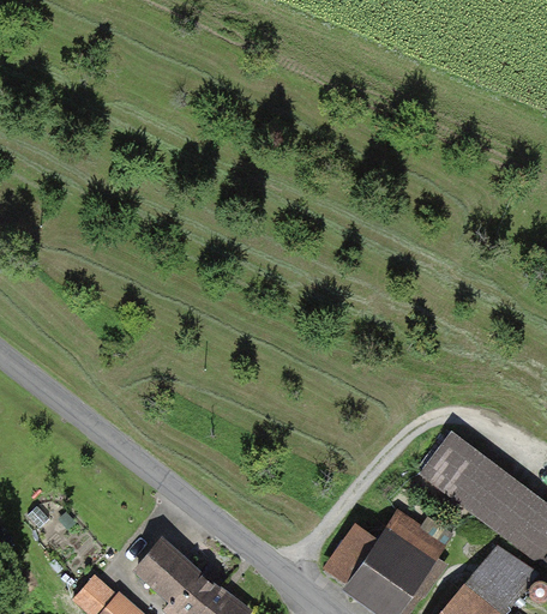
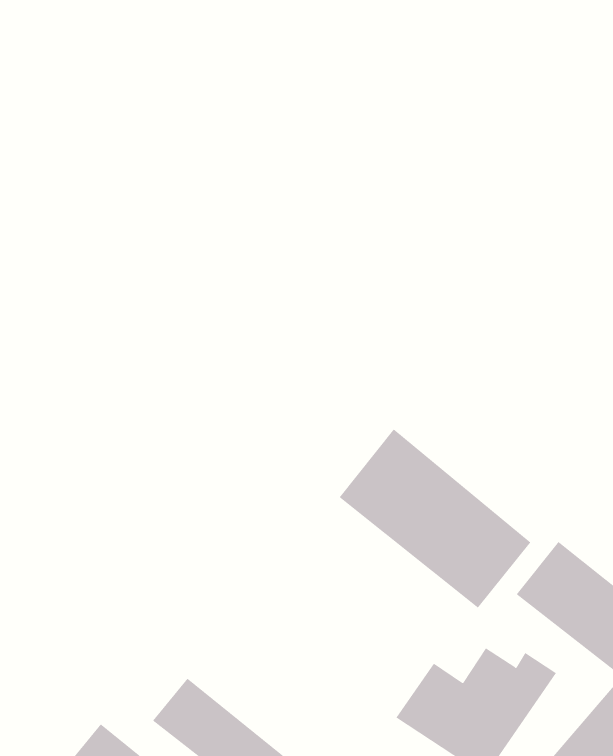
building: none -> [339,429,531,609]

